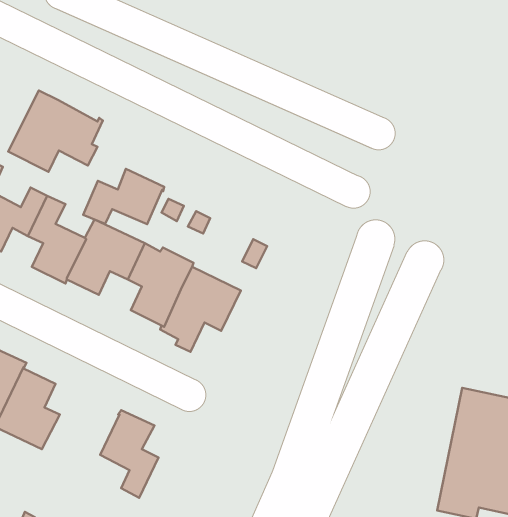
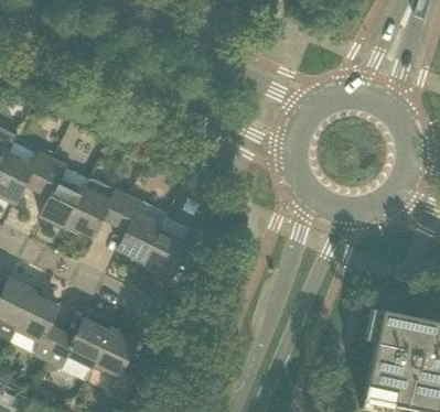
building: [8,91,103,172] -> none
building: [83,169,164,224] -> none
building: none -> [46,307,111,377]

